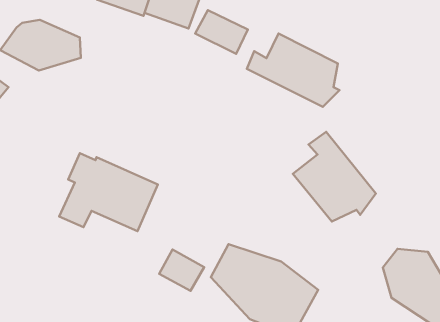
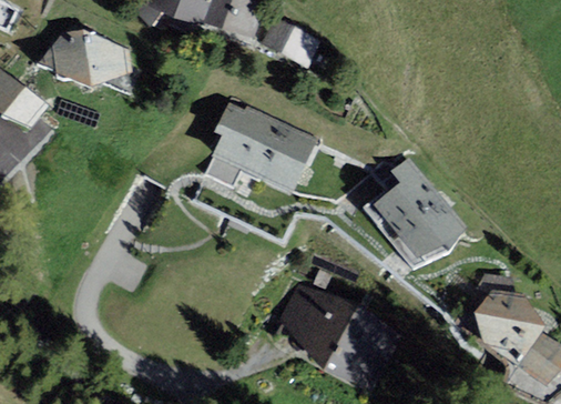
building: [247,33,340,107] -> none
building: [59,153,158,231] -> [203,102,315,191]
building: [159,250,204,291] -> none

